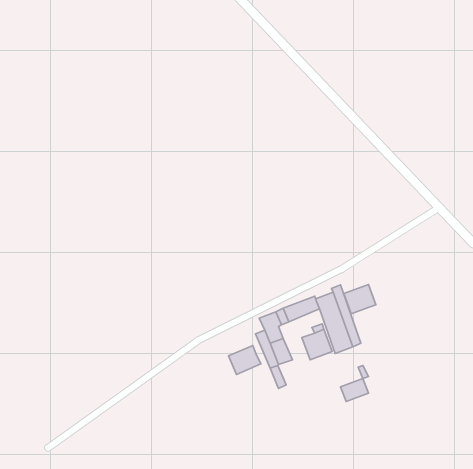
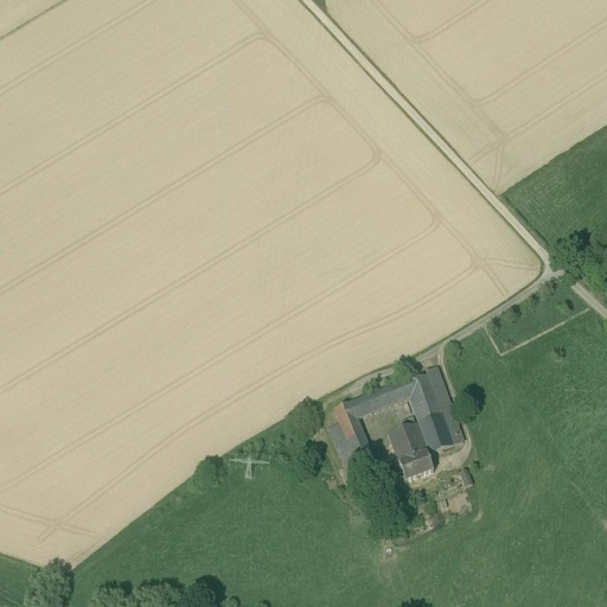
building: [344,285,376,314] -> none
building: [228,346,261,374] -> none
building: [341,378,368,401] -> [397,451,433,480]

